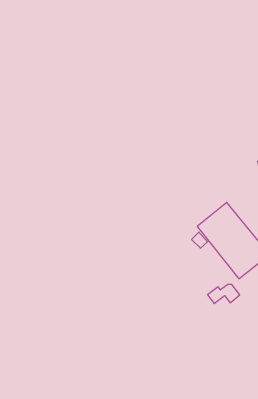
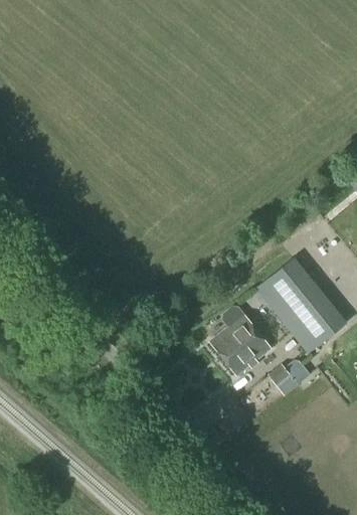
building: none -> [210,308,272,376]

